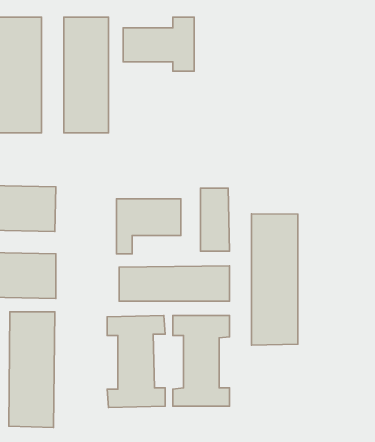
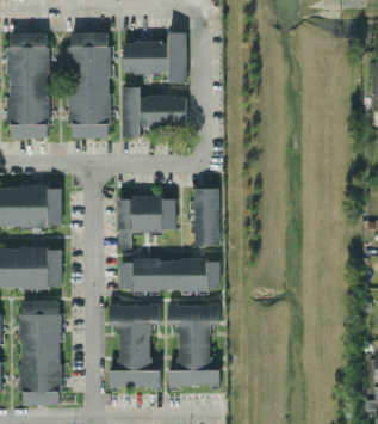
building: none -> [120,87,186,139]
building: [251,214,298,345] -> none

